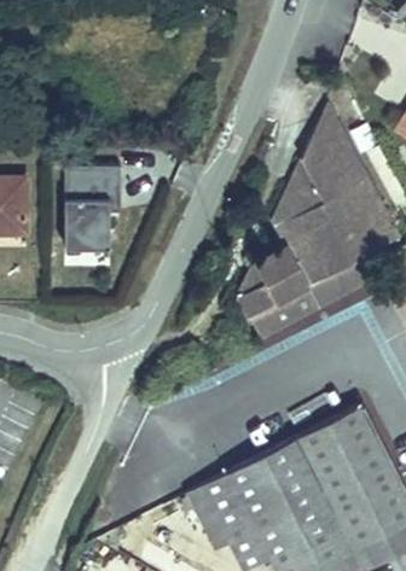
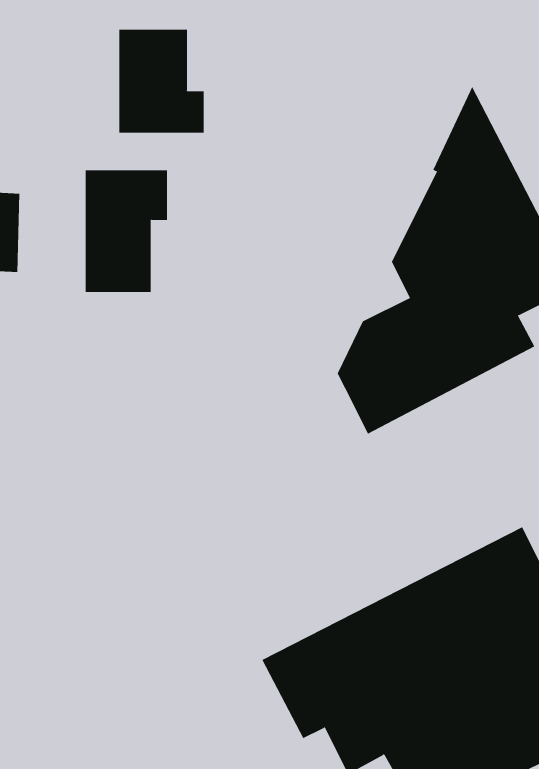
building: none -> [119,29,204,134]

